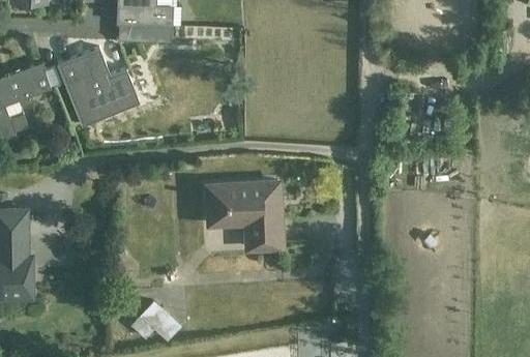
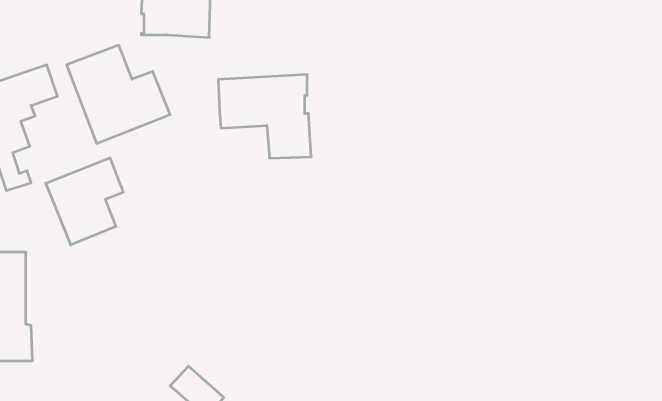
building: none -> [46,158,123,245]
building: [208,181,282,247] -> [218,74,311,158]

